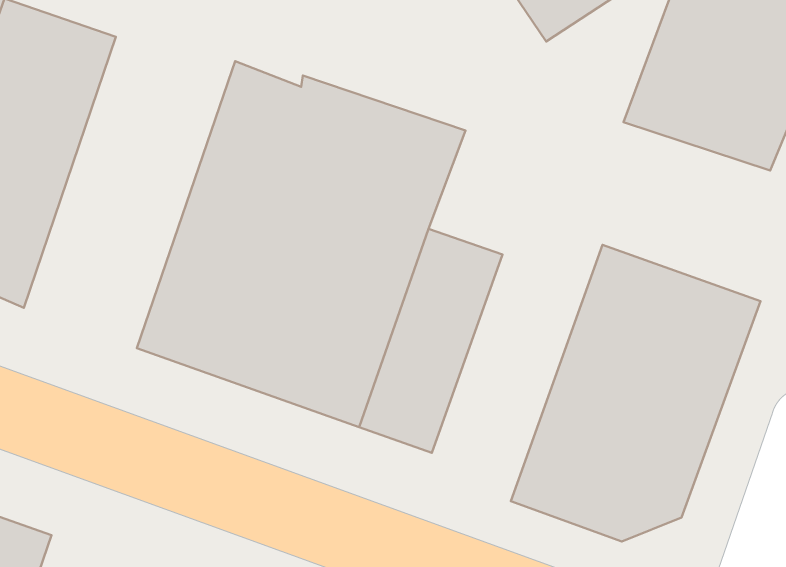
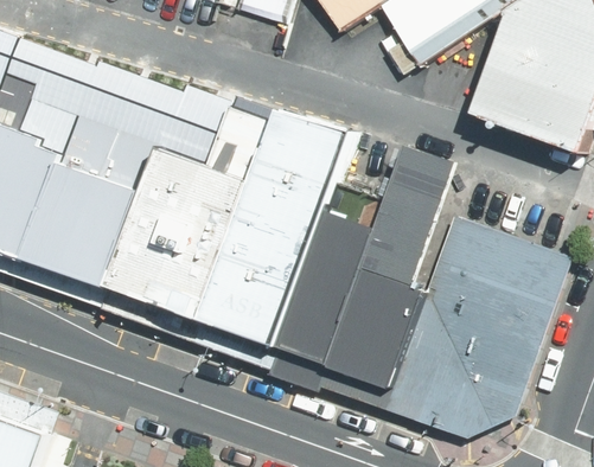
building: none -> [28,58,181,293]
building: none -> [328,149,470,392]

